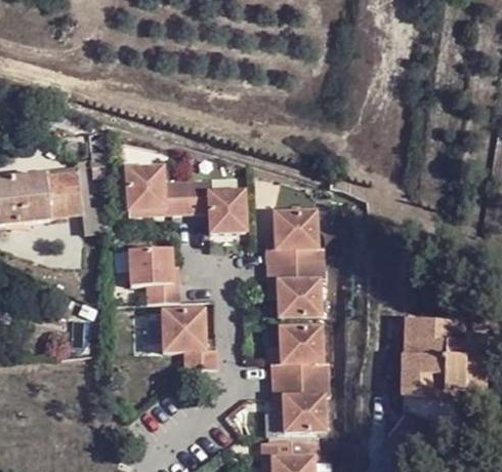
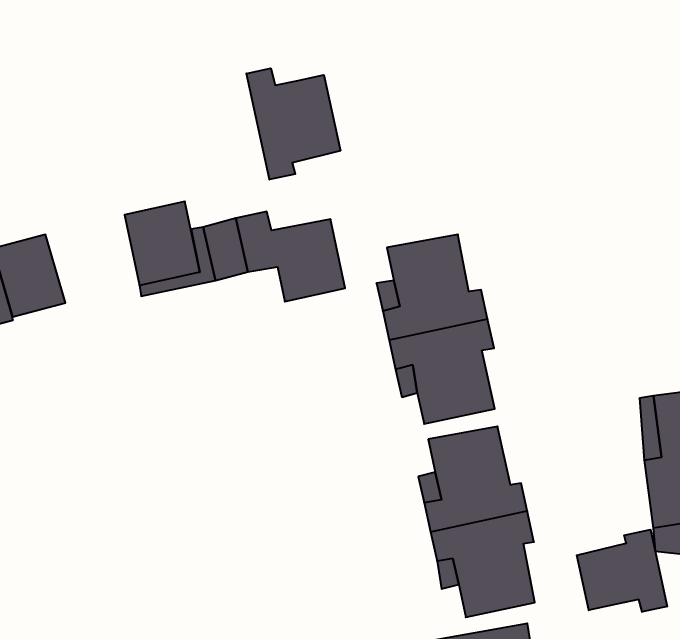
building: none -> [246,68,340,180]
building: [129,247,180,302] -> none
building: [162,308,218,368] -> none
building: none -> [577,530,667,612]

